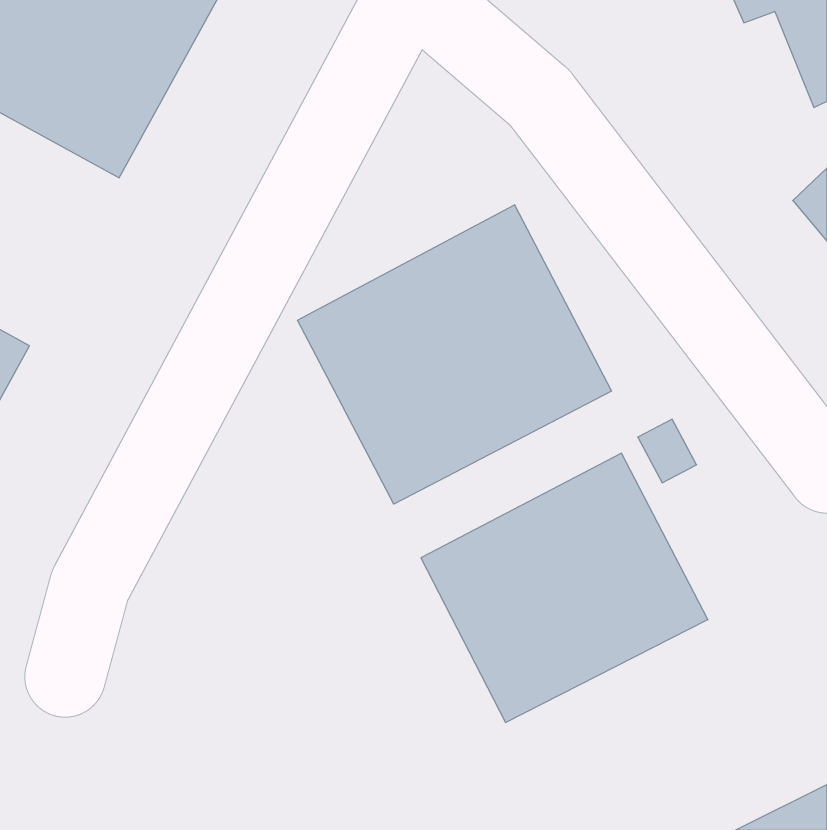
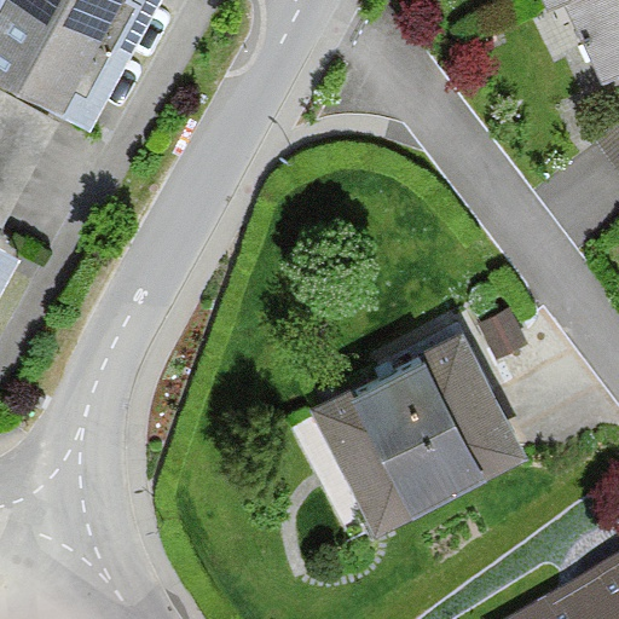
building: [297,205,612,504] -> none

